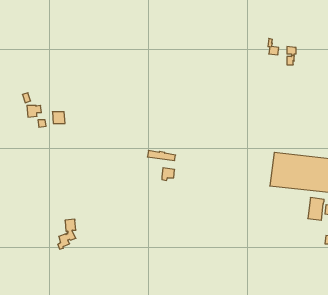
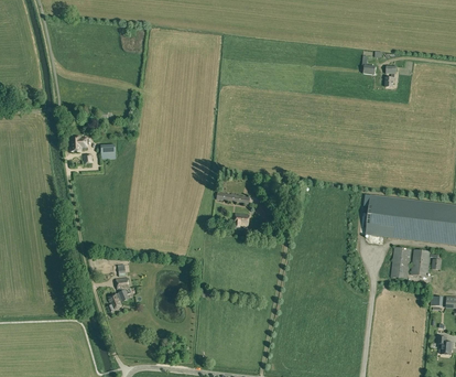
building: none -> [391,247,411,279]

